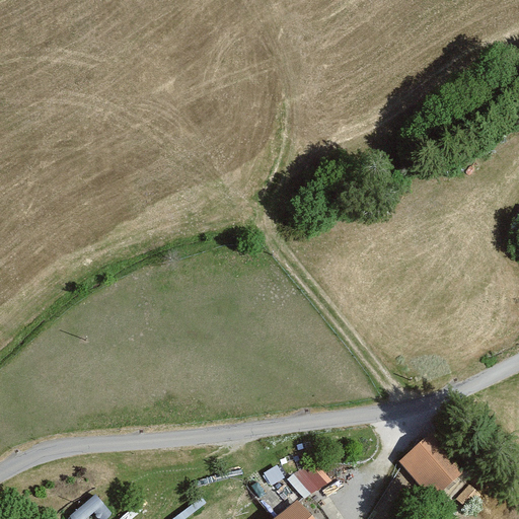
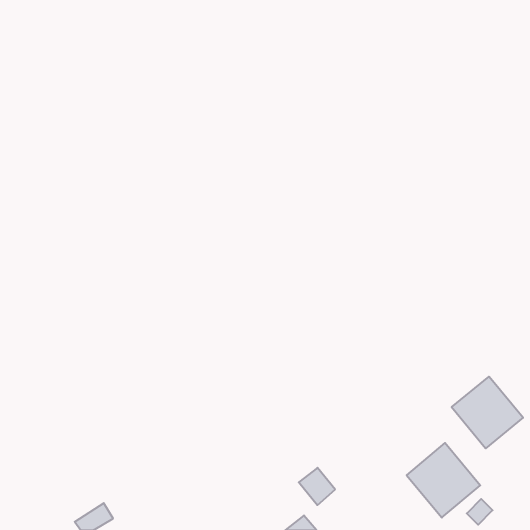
building: none -> [452,377,523,448]

